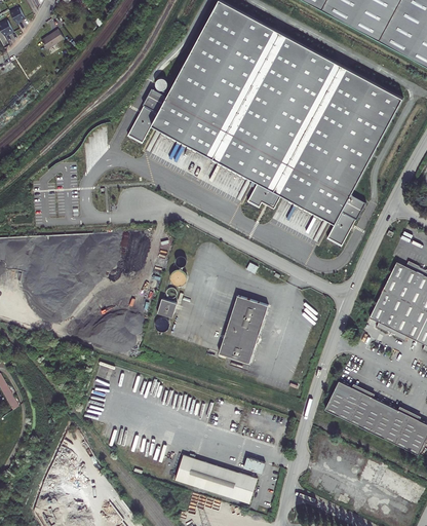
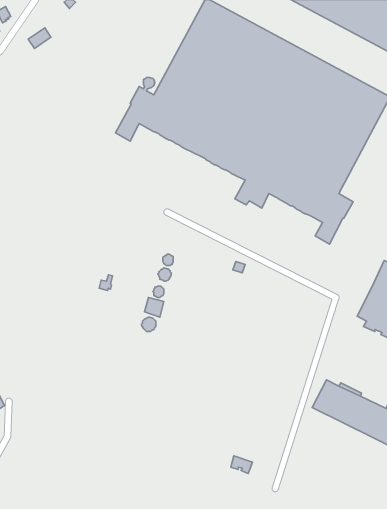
building: [219,296,268,364] -> none
building: [174,455,257,503] -> none

